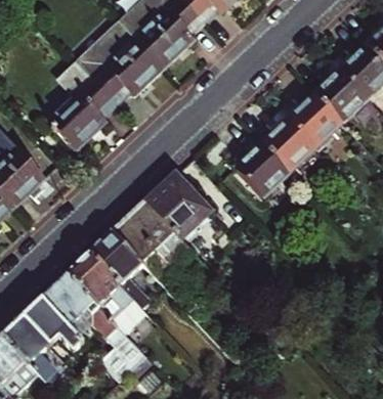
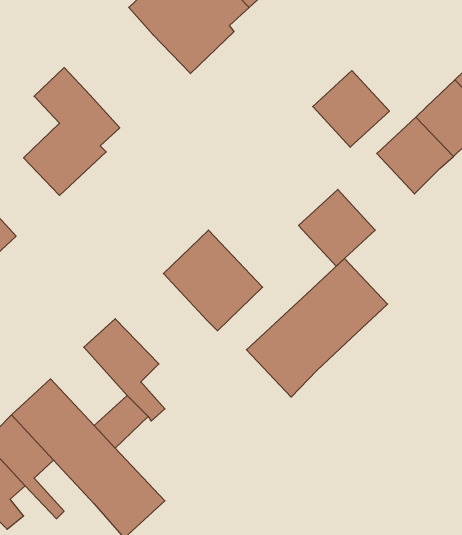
building: [77,20,163,102] -> none
building: [263,120,315,172] -> [313,71,389,147]
building: none -> [246,259,388,397]
building: [112,202,174,263] -> none
building: [68,252,120,305] -> none

